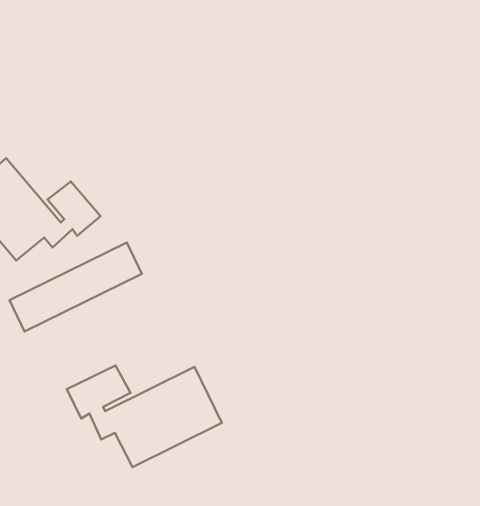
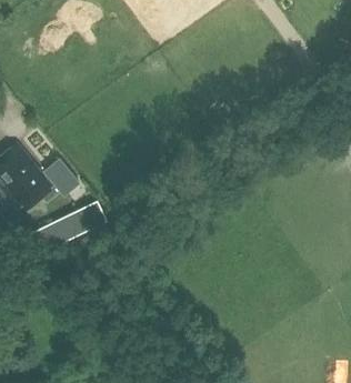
building: [67,366,222,467] -> none

